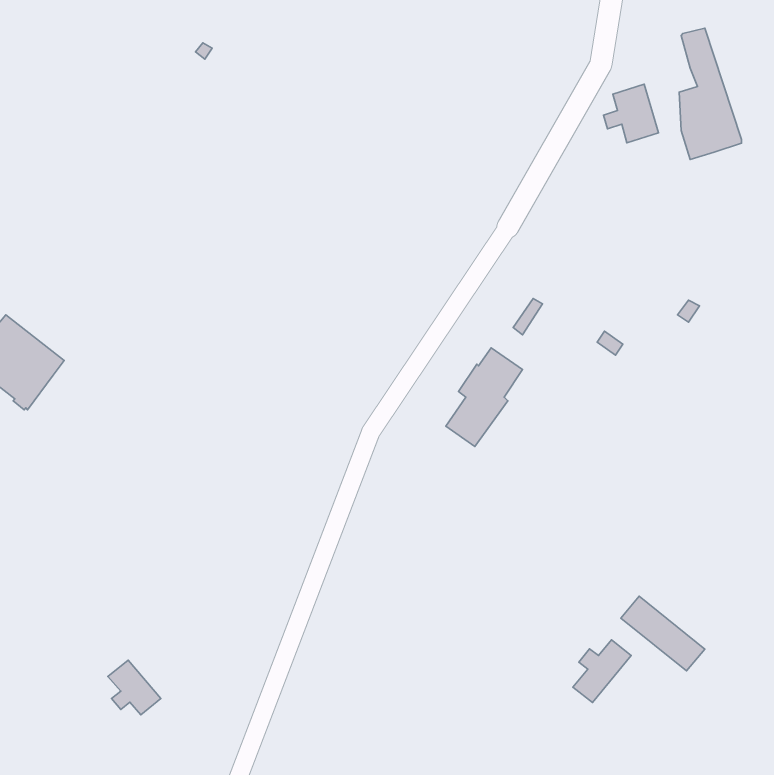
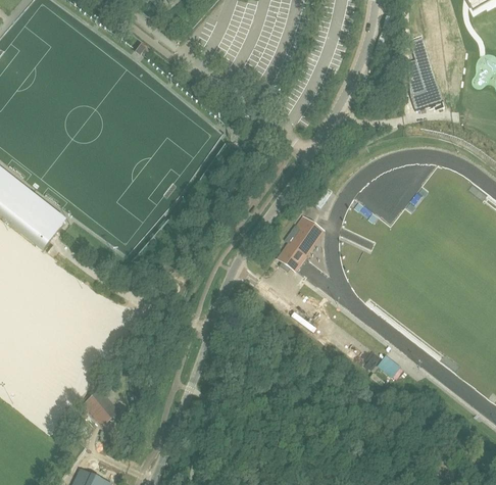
building: [603,84,658,143] -> none
building: [573,640,631,703] -> none

